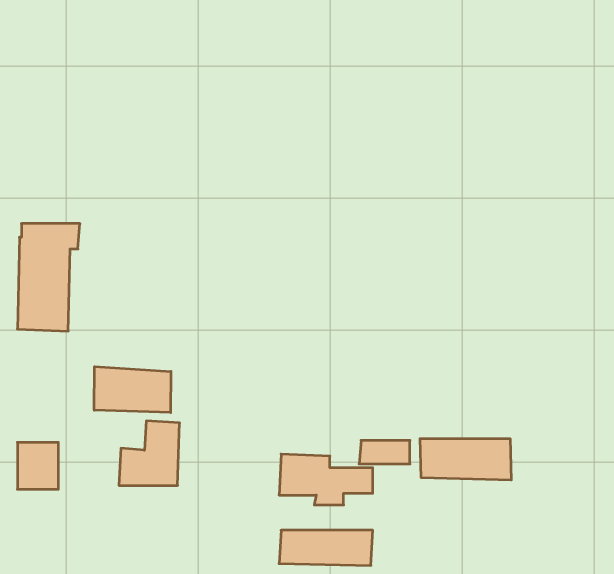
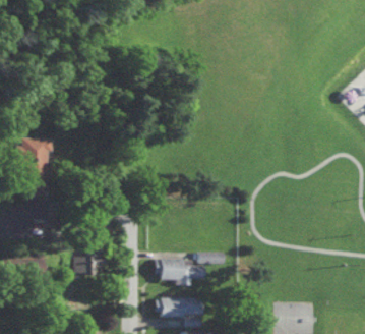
building: [94,367,171,413] -> none
building: [420,439,511,480] -> none

